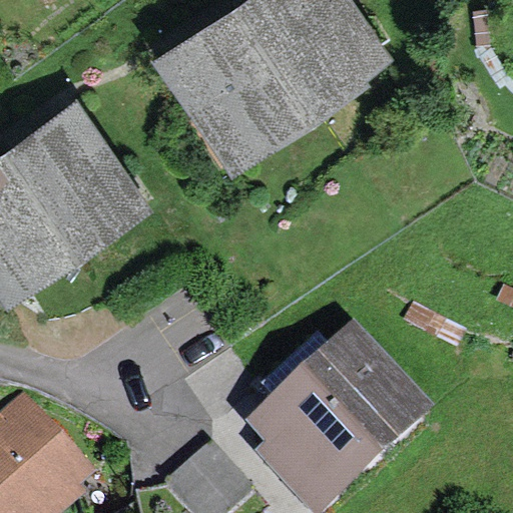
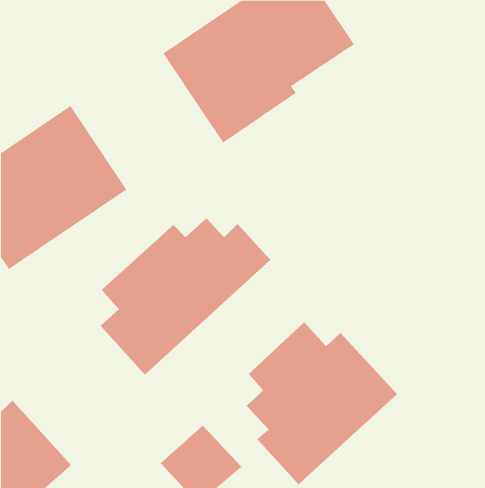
building: none -> [100,217,271,376]

